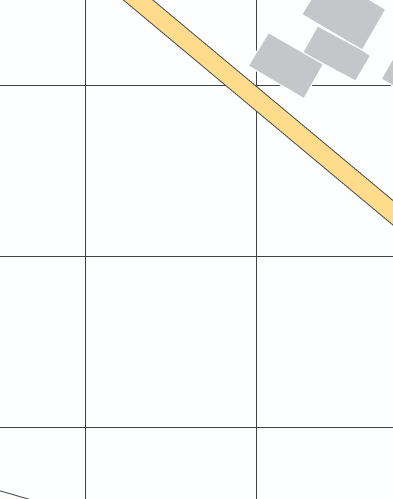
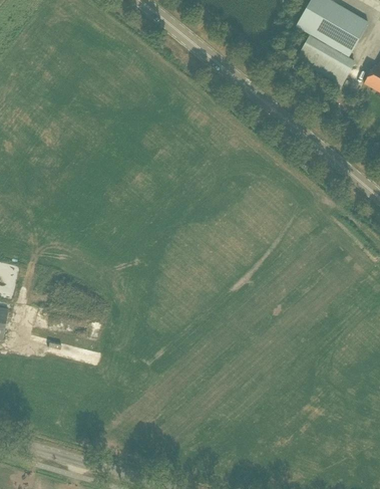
building: [248,33,323,99] -> none

